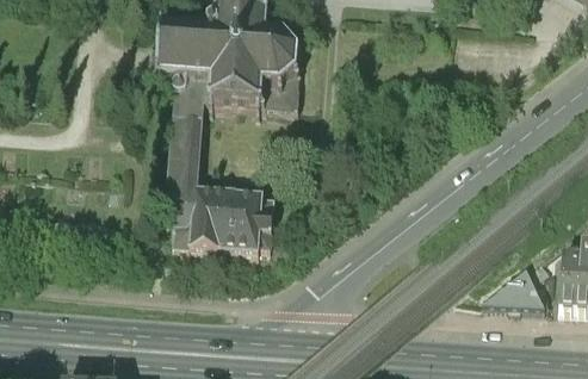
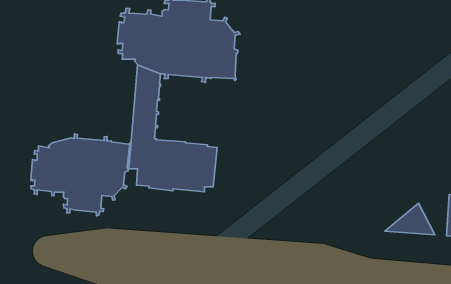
building: none -> [31,134,131,216]

